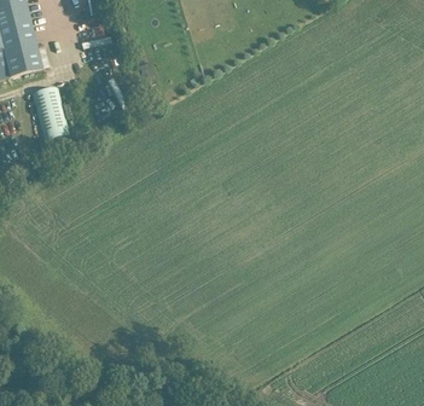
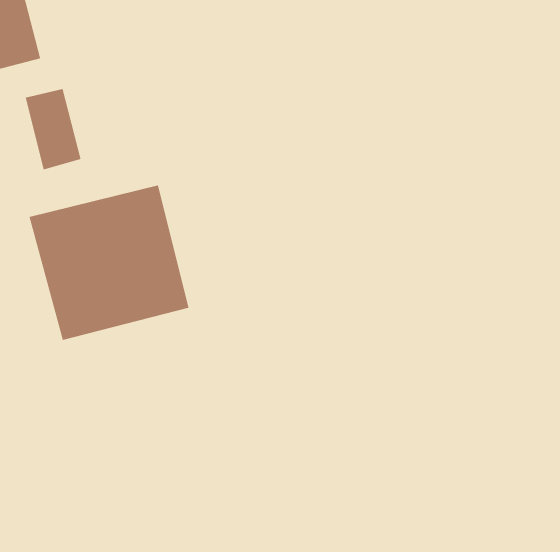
building: none -> [28,184,189,341]

